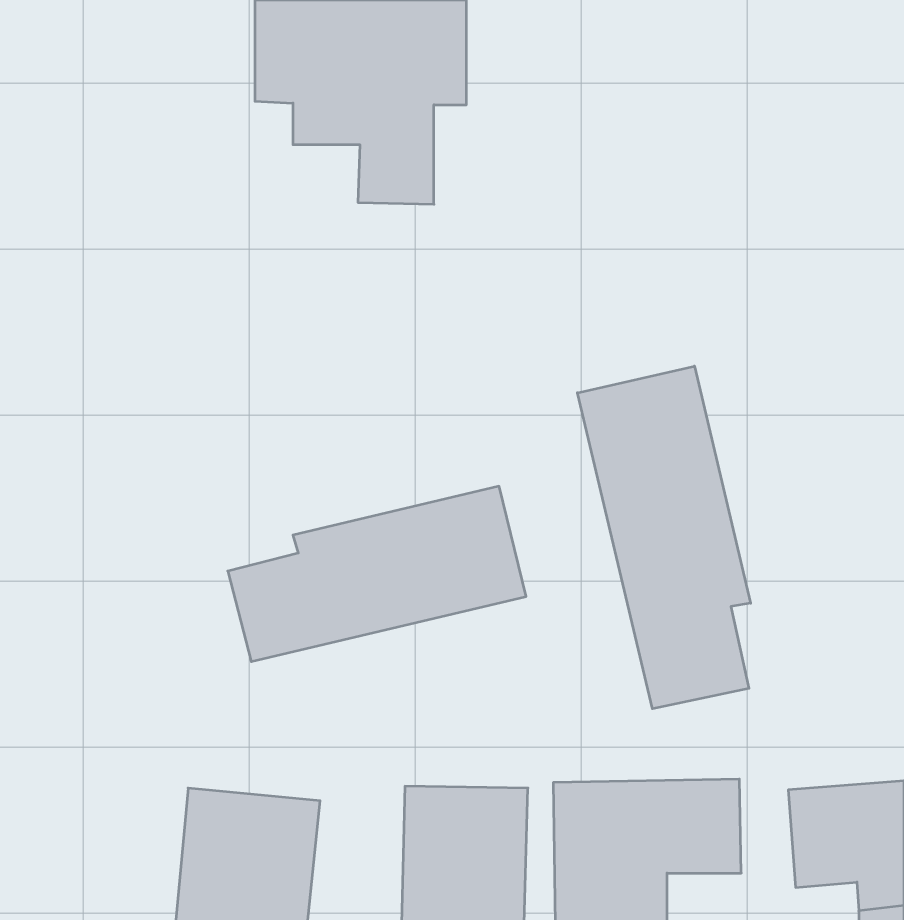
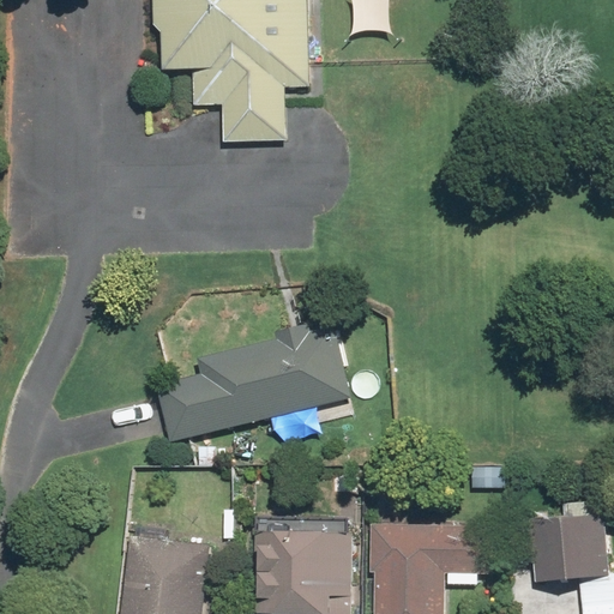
building: [577,366,751,709] -> none

